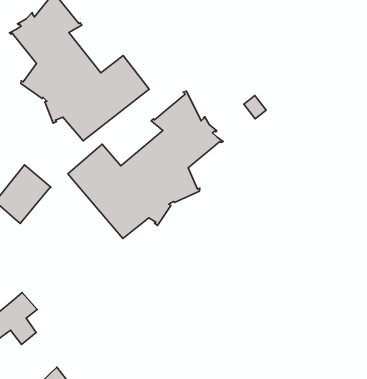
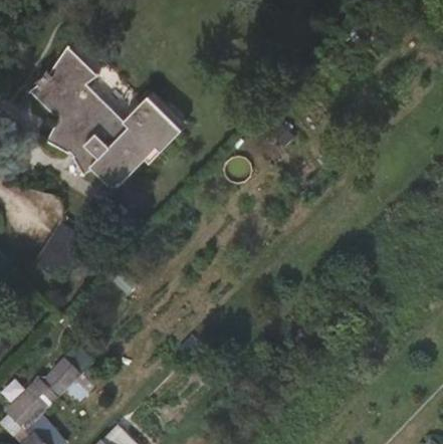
building: [68,91,223,238] -> none

